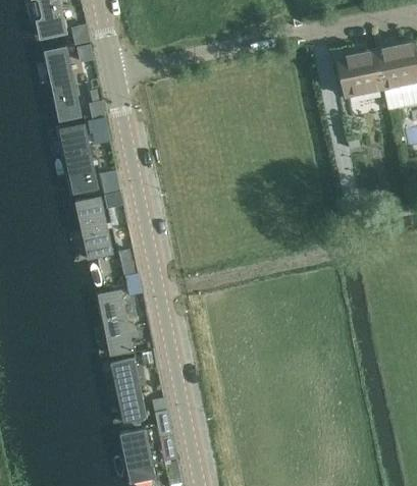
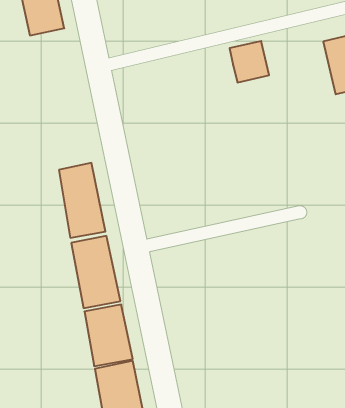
building: [36,36,91,121] -> none
building: [340,49,385,97] -> [230,41,269,82]
building: [55,117,107,196] -> none

